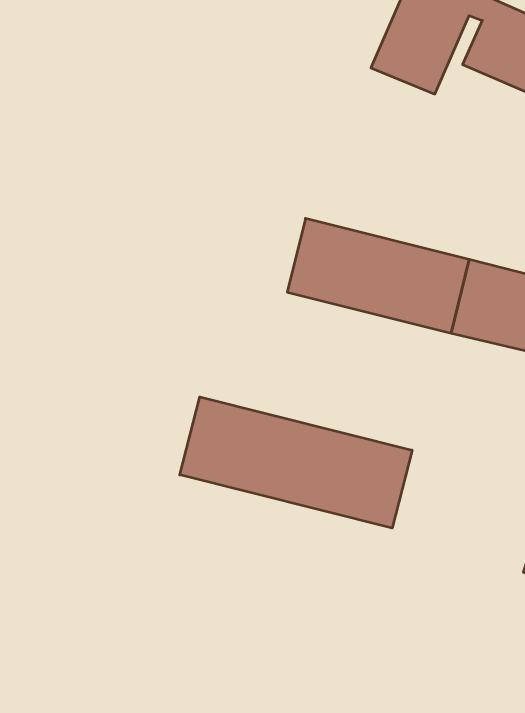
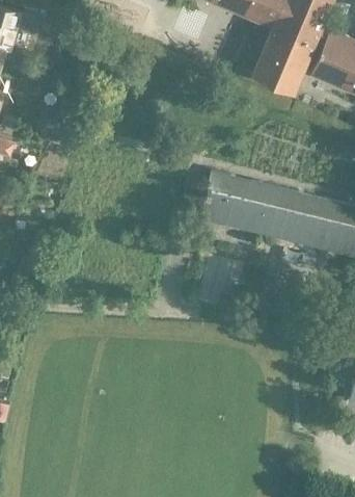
building: [180,397,412,528] -> none

